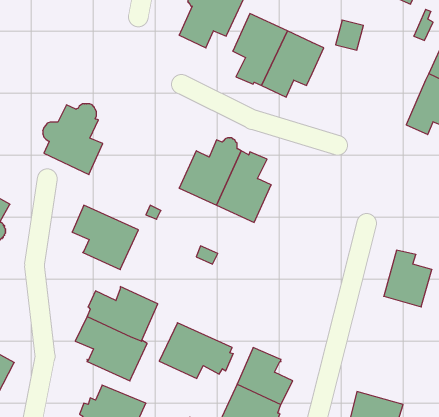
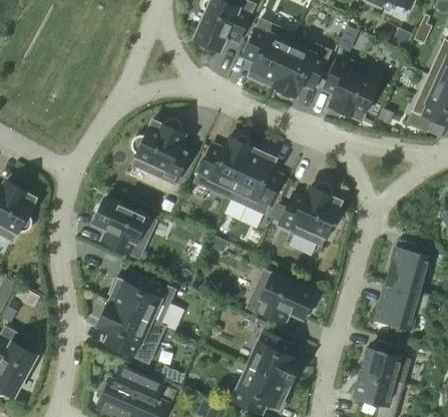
building: none -> [326,58,381,120]
building: [43,104,103,175] -> [131,119,187,185]
building: none -> [279,184,341,246]
building: none -> [376,284,430,330]
building: [159,323,233,378] -> [247,271,316,323]
building: none -> [361,341,410,385]

